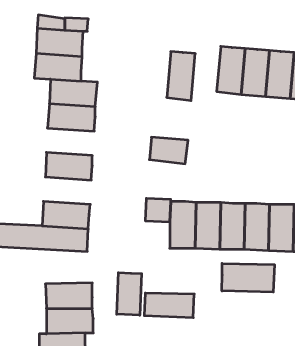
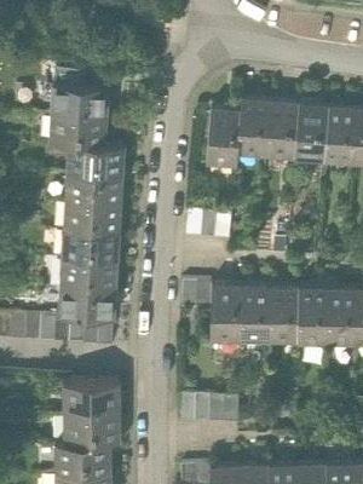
building: none -> [237,97,271,154]
building: none -> [64,197,121,230]
building: none -> [60,255,117,288]
building: [222,263,274,292] -> none
building: [117,273,142,315] -> none

